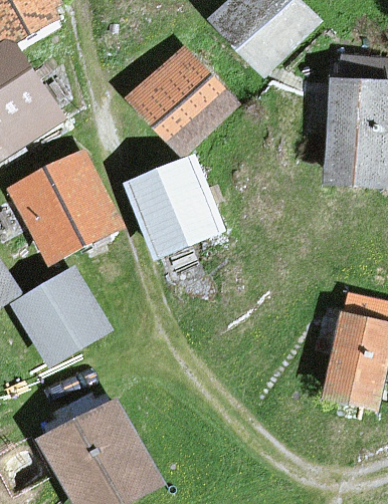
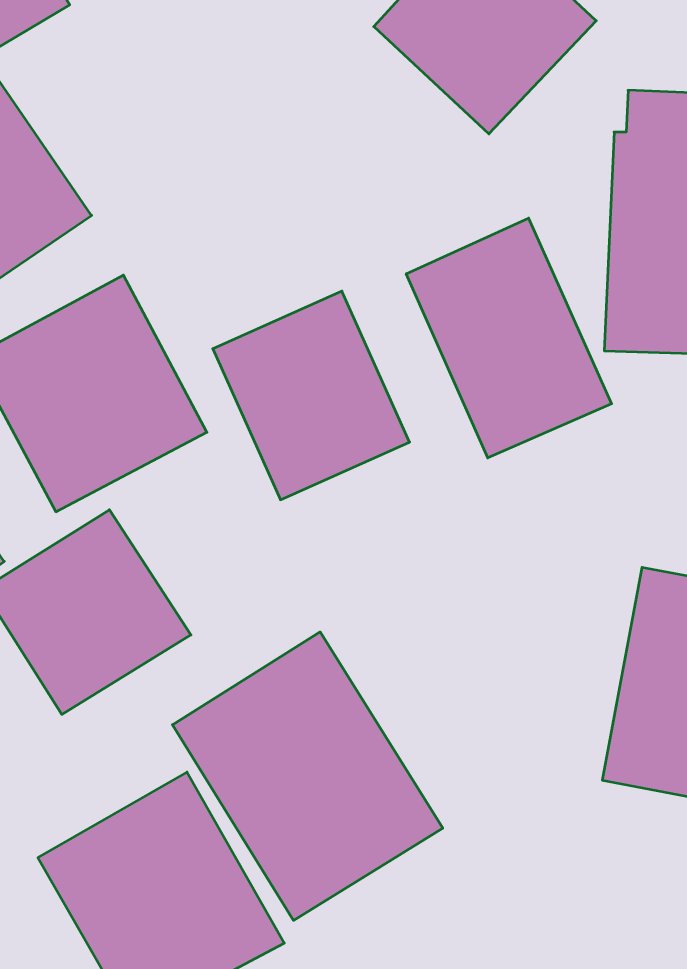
building: [126,44,238,157] -> none
building: none -> [406,218,612,458]
building: none -> [172,632,443,920]

